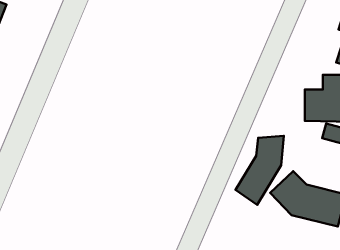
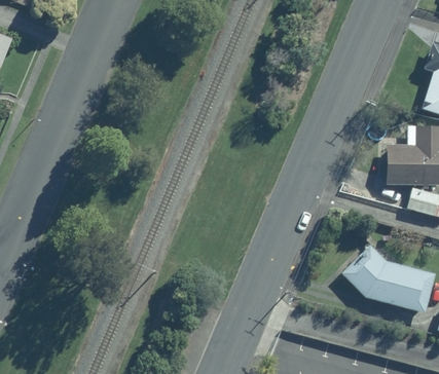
building: [236,136,284,205] -> none

